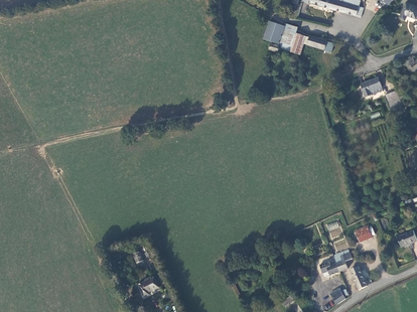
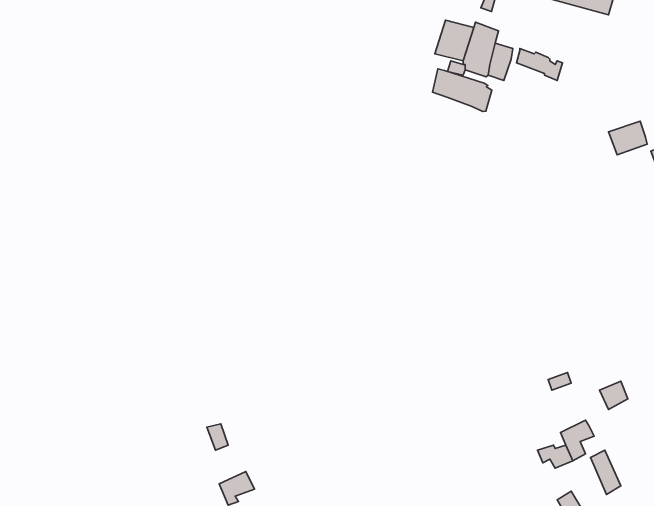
building: none -> [432,69,492,112]

